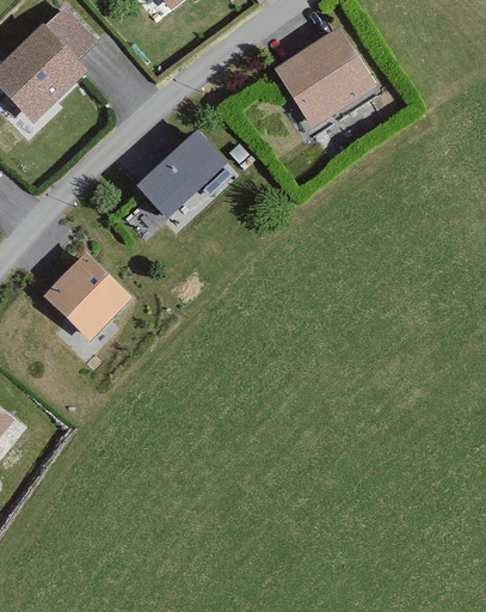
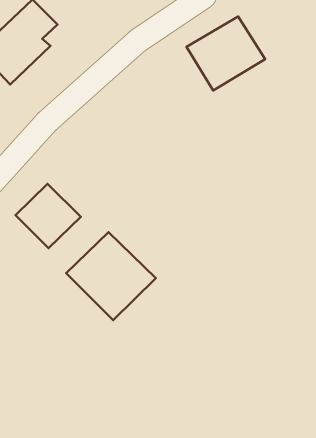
building: [134,129,229,220] -> none
building: none -> [66,232,156,320]

